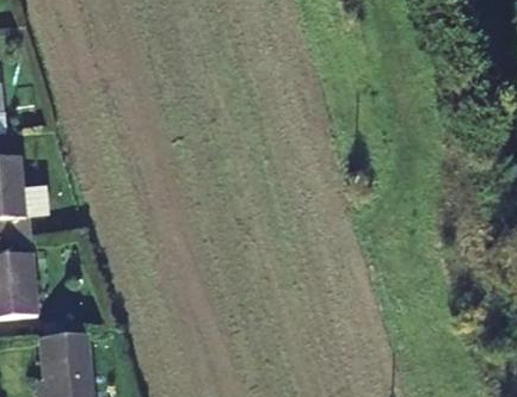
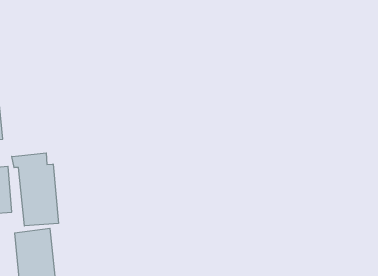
building: none -> [12,153,58,226]

